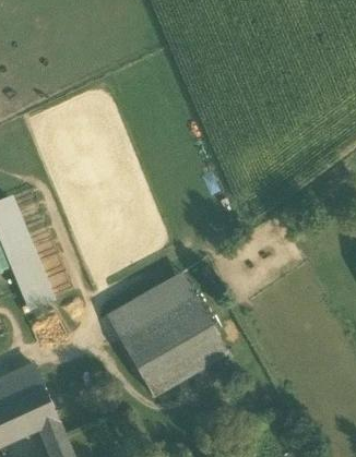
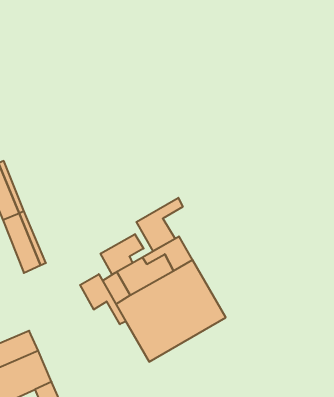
building: none -> [136,198,183,251]
building: none -> [101,234,144,274]
building: none -> [80,274,126,324]

